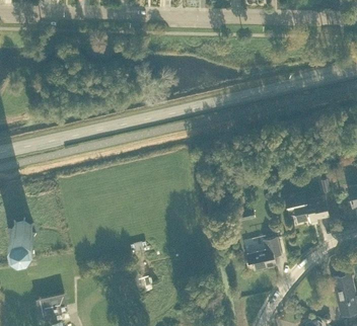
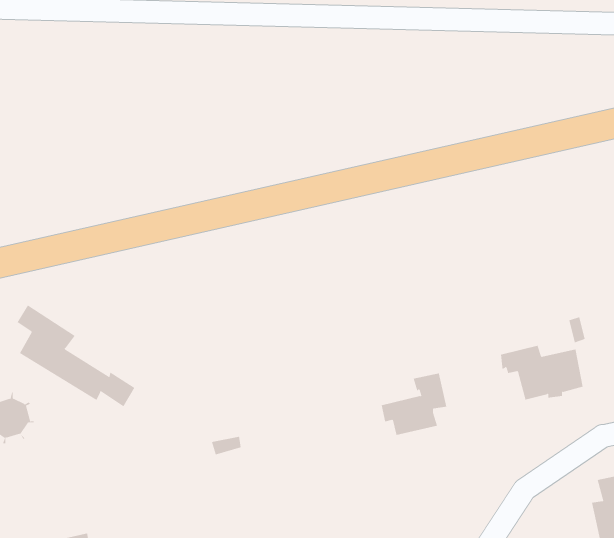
building: none -> [17,304,135,407]
building: [244,237,280,270] -> [381,373,447,435]

